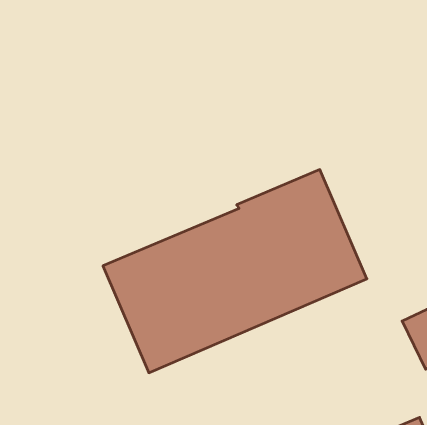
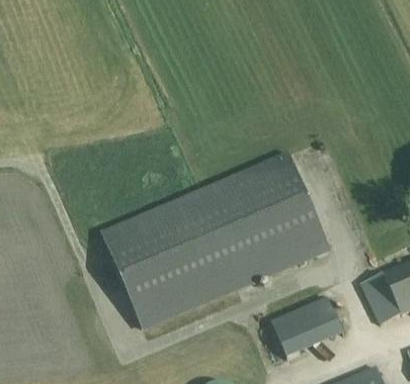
building: none -> [271,296,343,359]

